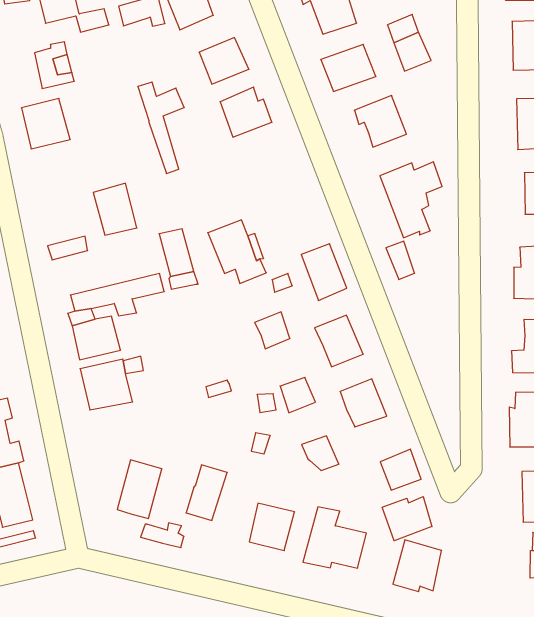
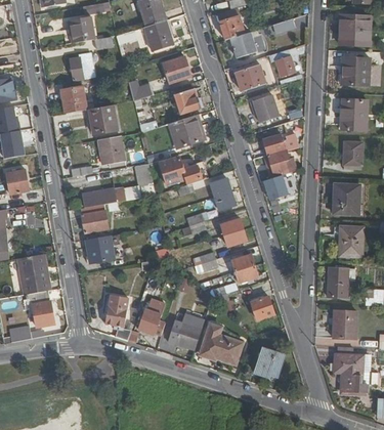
building: none -> [91,104,116,134]
building: none -> [169,113,202,146]
building: [382,497,432,541] -> none

